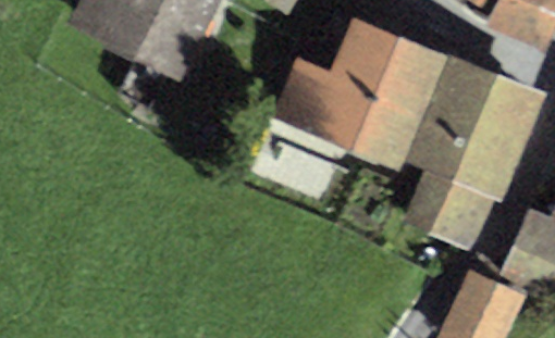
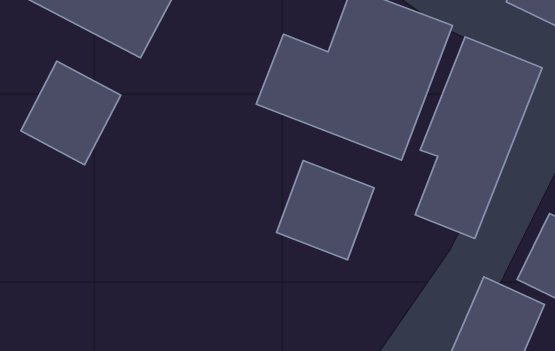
building: none -> [21,61,121,165]
building: none -> [276,161,374,260]

